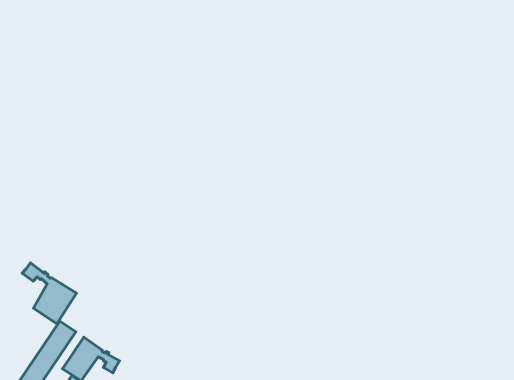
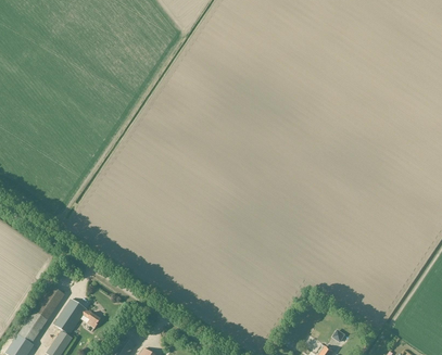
building: [22,263,77,324] -> none

